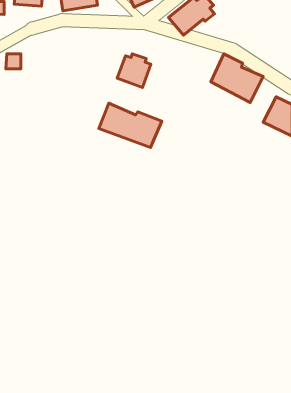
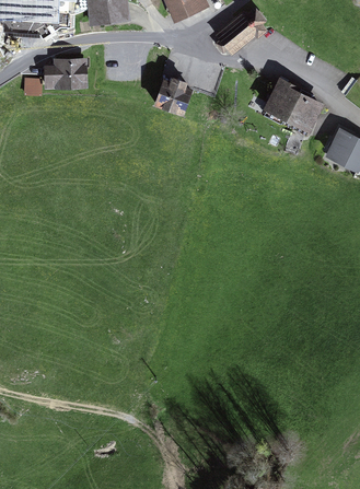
building: none -> [43,58,88,90]
building: [99,103,162,148] -> none

